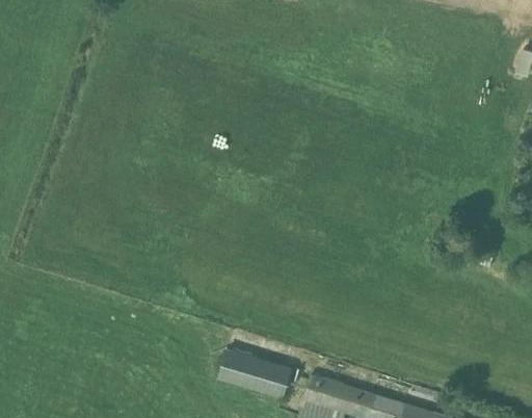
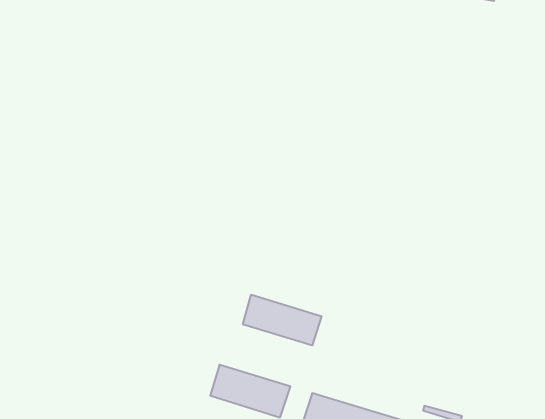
building: none -> [243,295,321,345]

